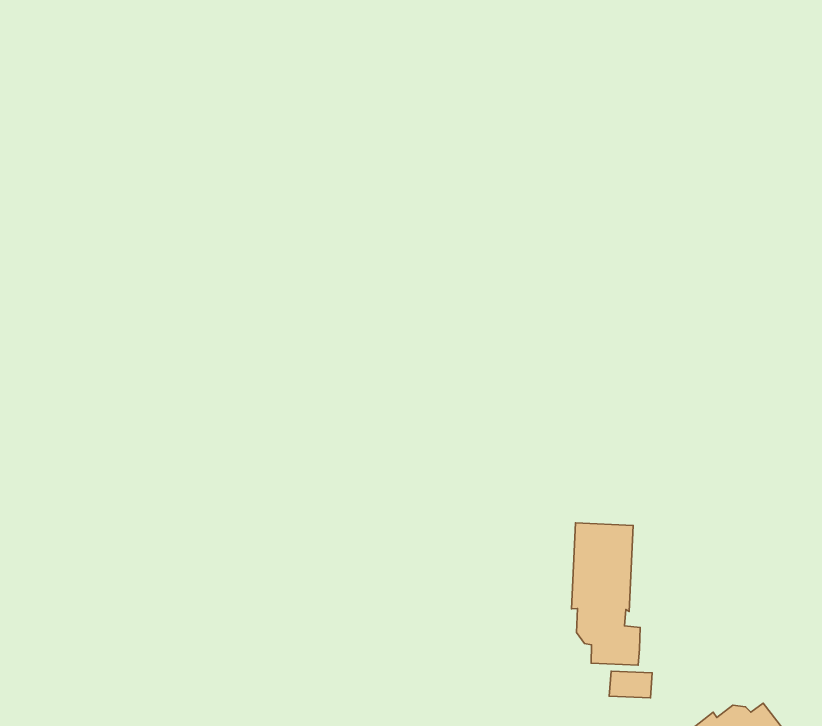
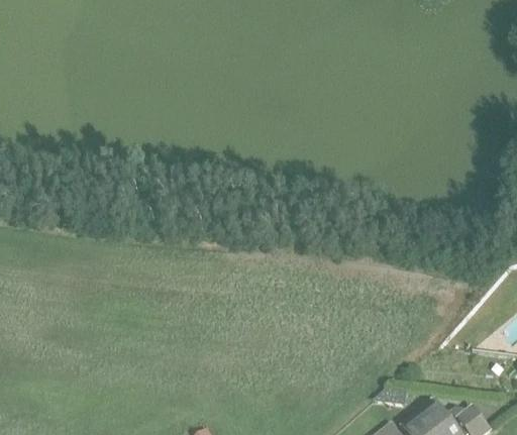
building: [571,523,640,665] -> none

